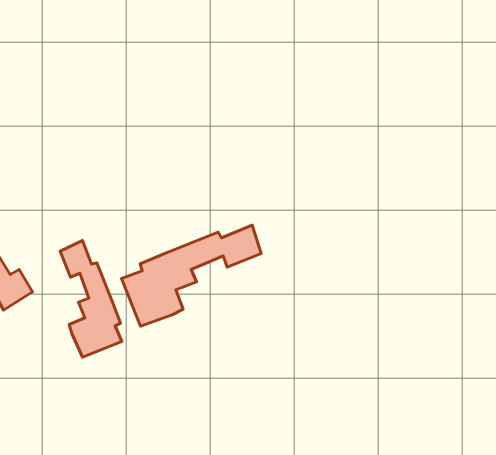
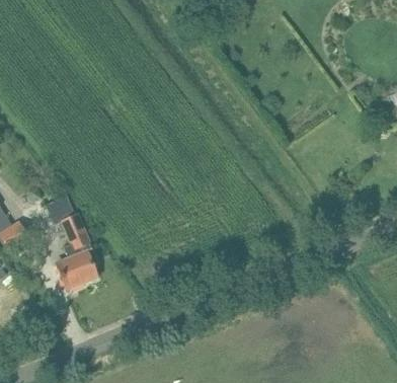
building: [122,225,261,326] -> none

